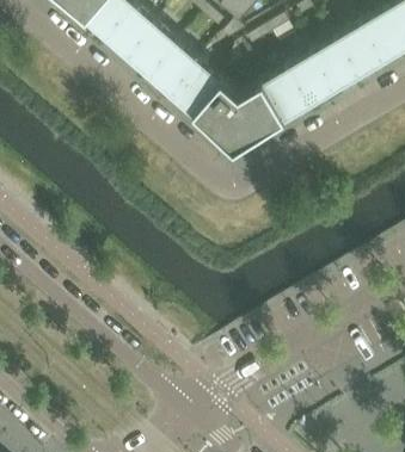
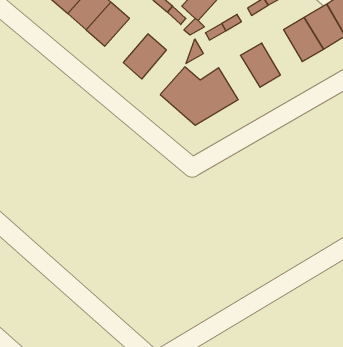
building: [125,30,176,81] -> none
building: [308,43,355,95] -> none
building: [168,67,219,118] -> none
building: [258,73,306,124] -> none

